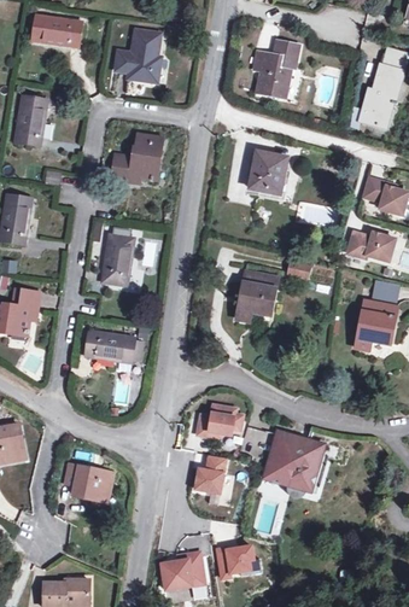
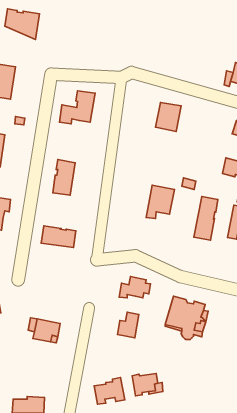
building: [115,29,159,81] -> none
building: [253,40,298,97] -> none
building: none -> [194,197,218,240]

